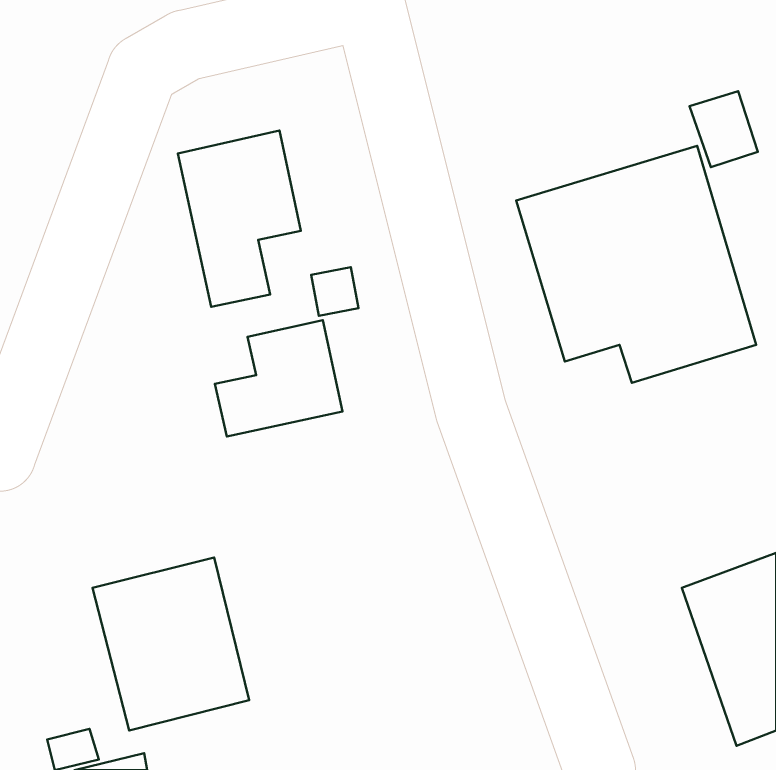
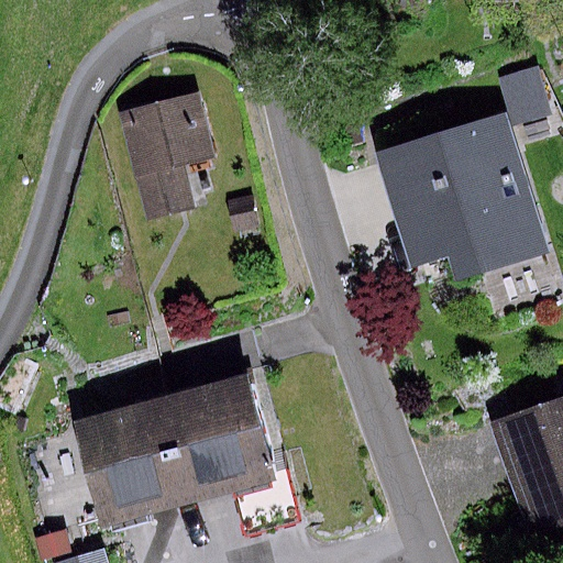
building: [215,320,342,437] -> none
building: none -> [155,382,268,507]

